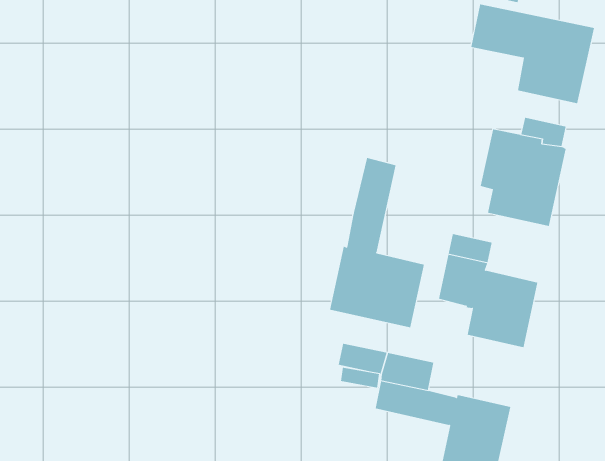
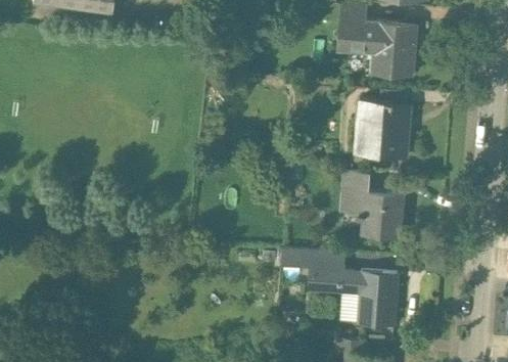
building: [329,157,424,328] -> none

